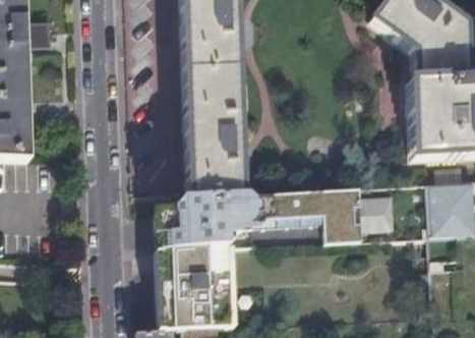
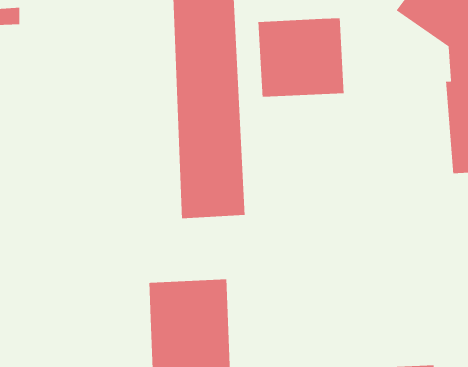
building: none -> [258,18,345,98]
building: [160,191,395,253] -> none

